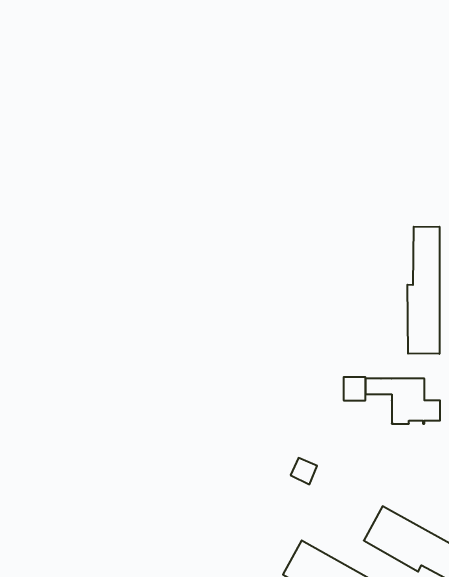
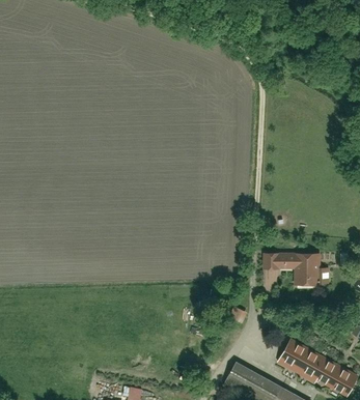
building: [407,227,439,354] -> none

